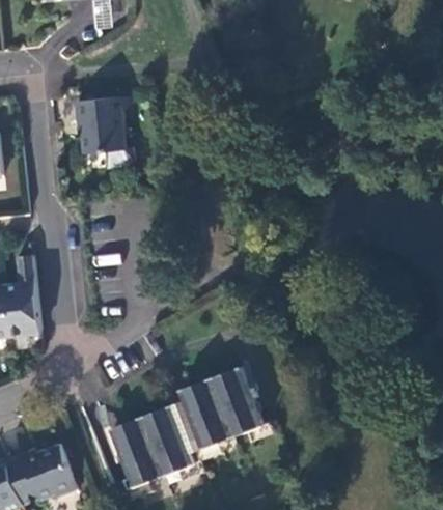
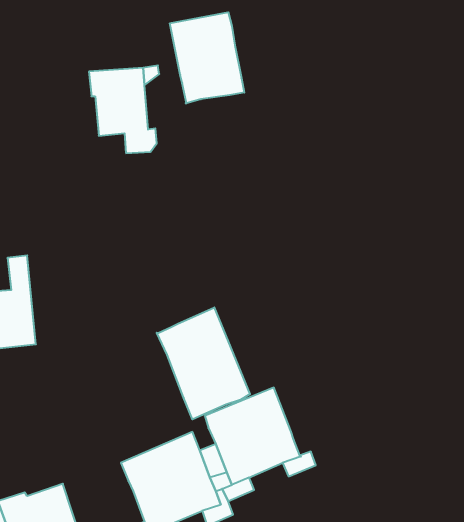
building: none -> [170,12,244,104]
building: none -> [157,307,250,419]

